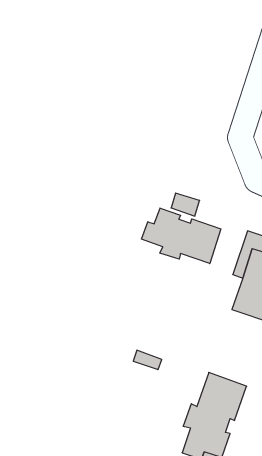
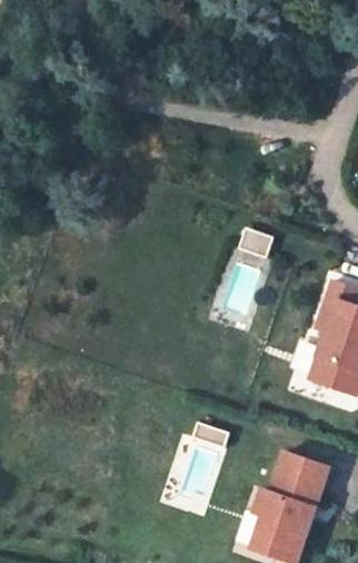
building: [142,208,221,264] -> none

